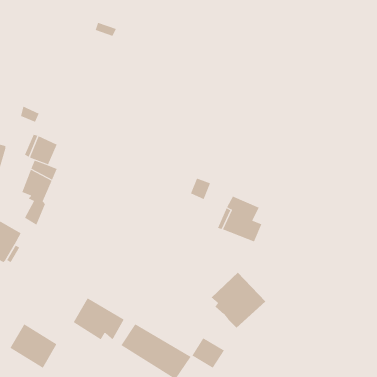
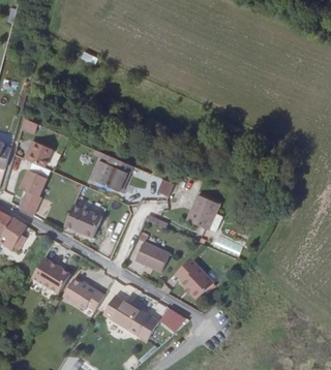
building: none -> [91,160,134,194]
building: none -> [65,204,102,239]
building: none -> [136,242,170,272]
building: [10,324,57,369] -> [31,256,69,292]

